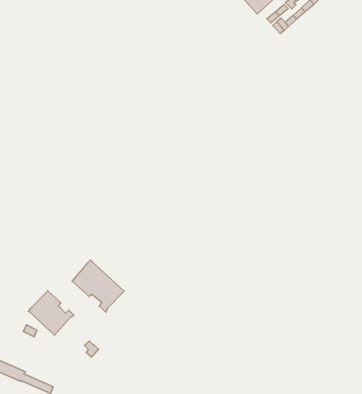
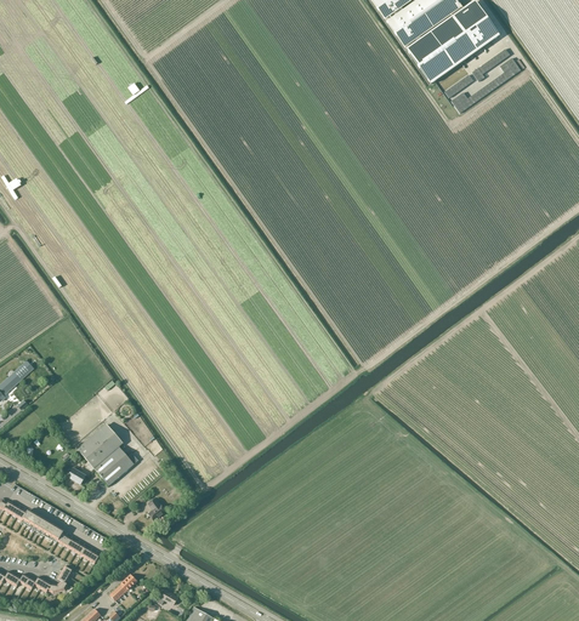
building: [72,260,124,312] -> none

